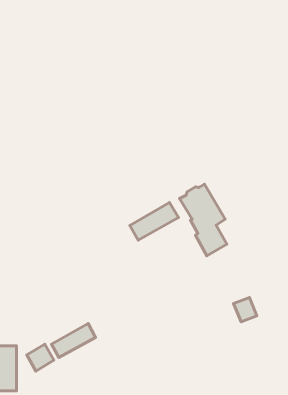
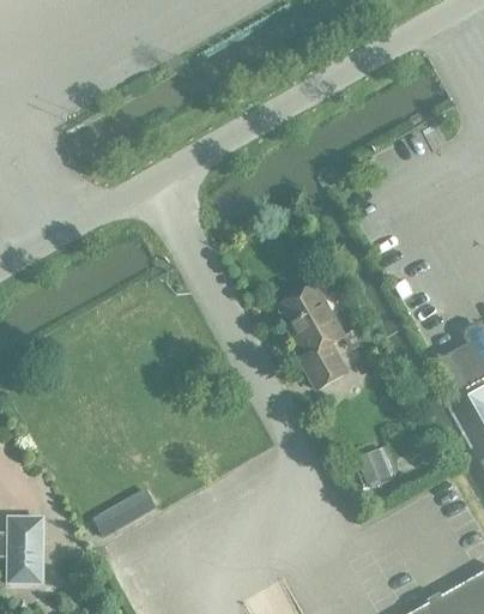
building: [130,203,179,240] -> none
building: [27,344,54,371] -> none

